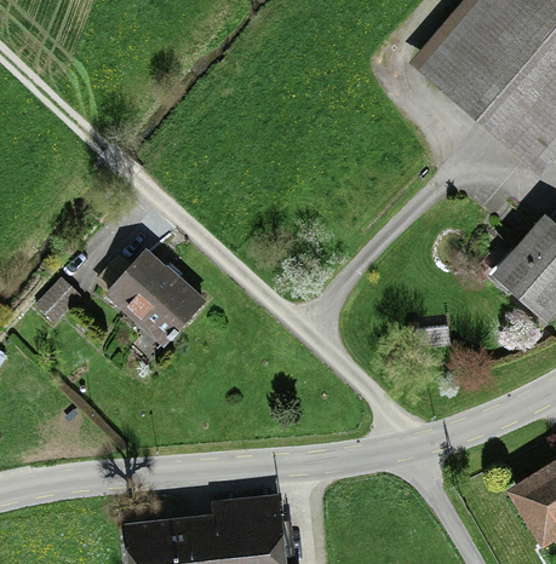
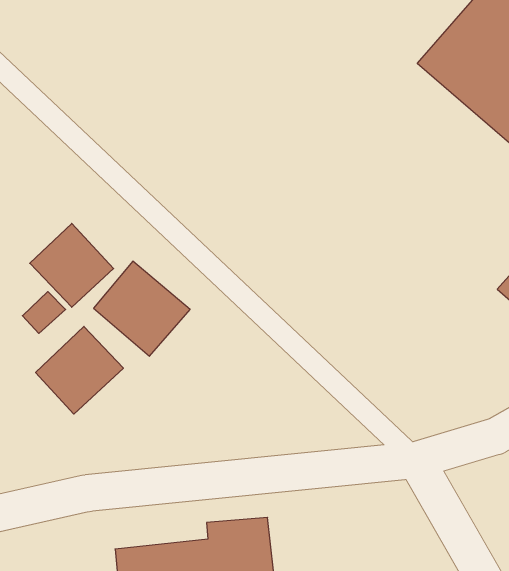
building: none -> [30,223,114,307]
building: none -> [36,326,123,414]

